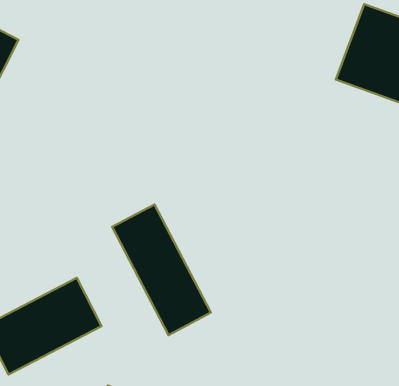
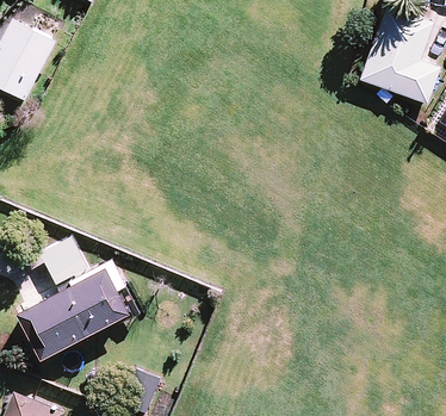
building: [112,204,211,335] -> none

